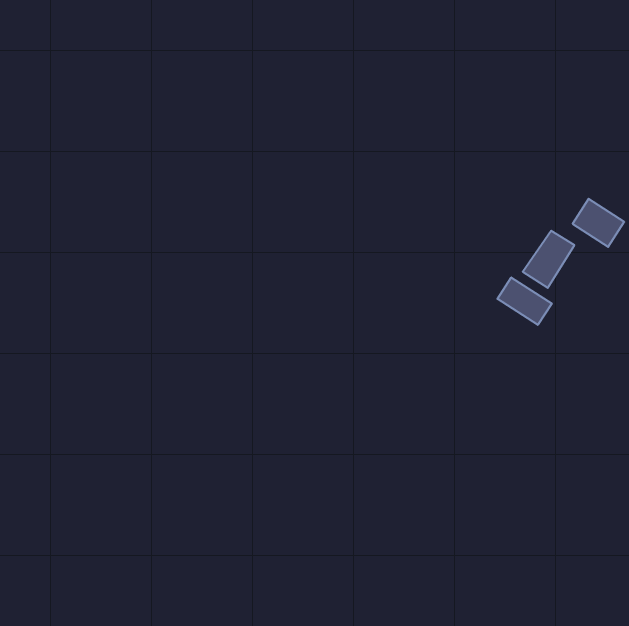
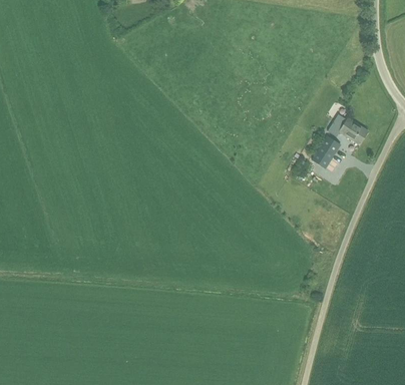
building: [497,277,552,325] -> none

